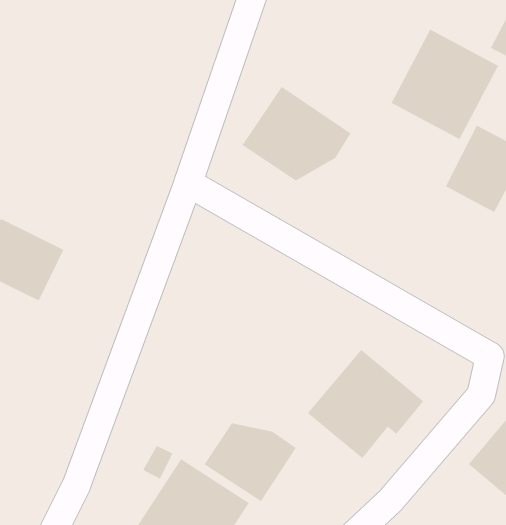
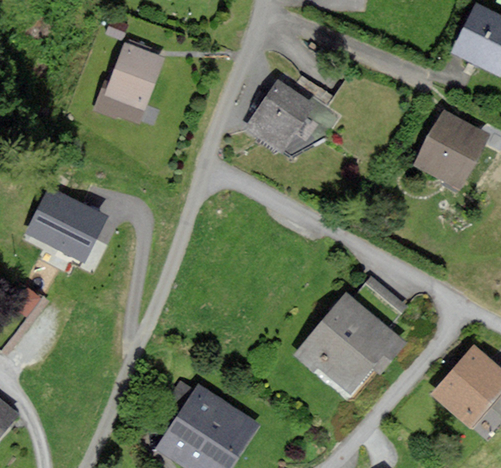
building: [391,28,499,140] -> none
building: none -> [96,45,160,121]
building: [204,423,297,502] -> none

